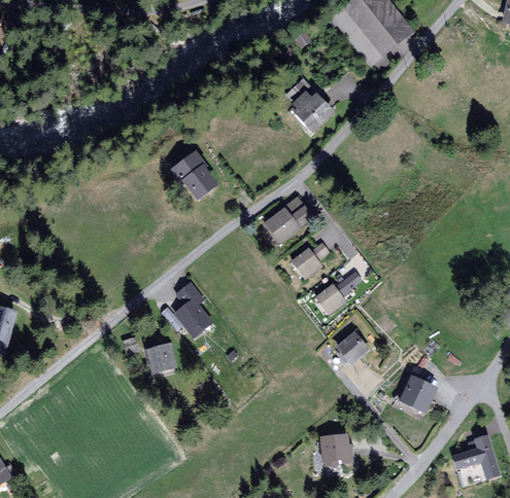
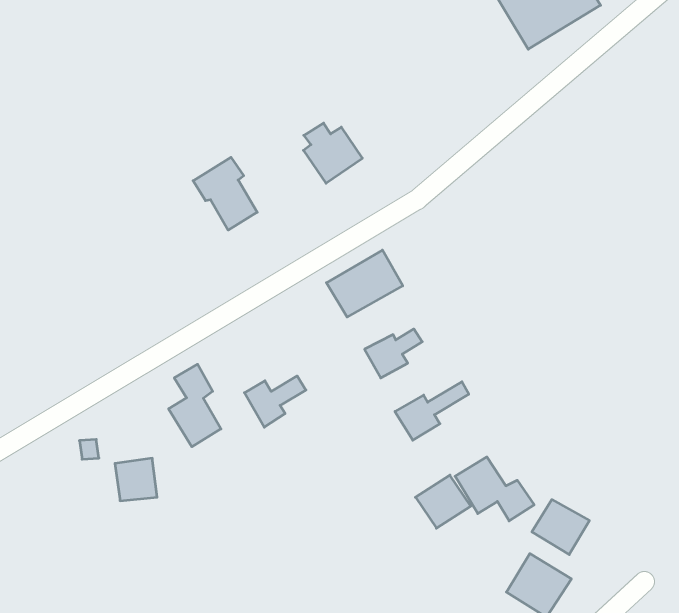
building: [295,93,333,130] -> [303,123,362,183]
building: none -> [244,376,306,427]
building: none -> [455,457,534,521]
building: none -> [532,500,589,555]

